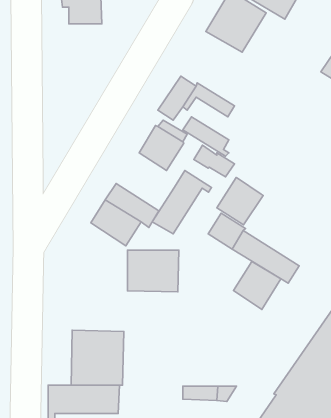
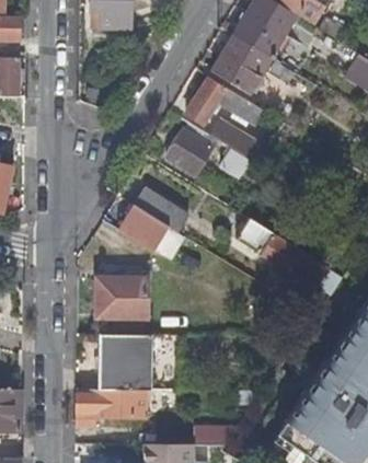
building: none -> [212,35,271,92]
building: [152,170,212,234] -> none
building: [217,178,263,225] -> none
building: [127,250,179,292] -> [96,277,148,319]
building: [233,262,281,310] -> none

